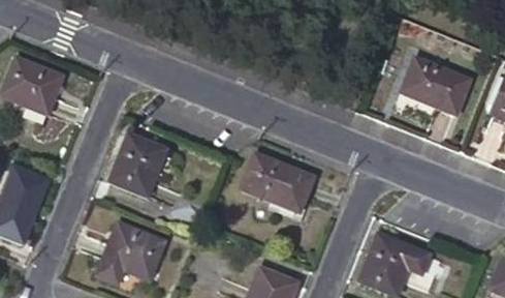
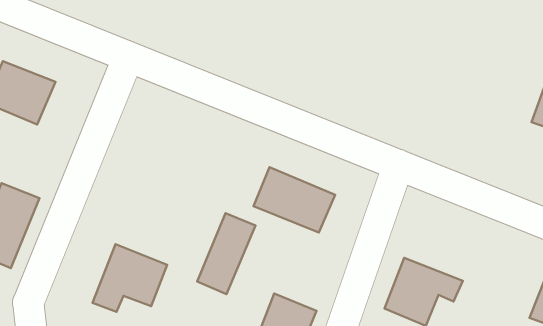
building: [403,56,472,113] -> none
building: [111,132,163,192] -> none
building: none -> [197,213,255,294]

